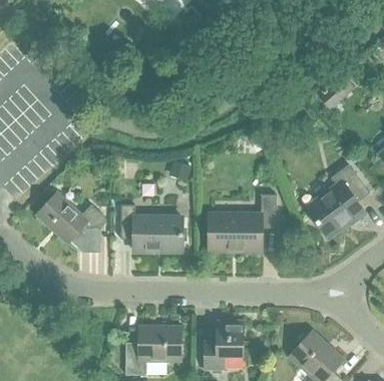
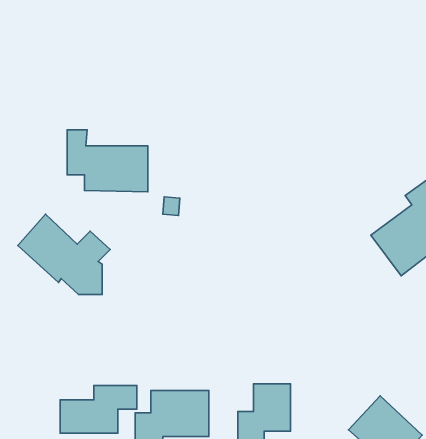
building: [209,195,276,252] -> none
building: [120,205,181,252] -> [67,130,148,192]
building: none -> [60,386,137,433]

